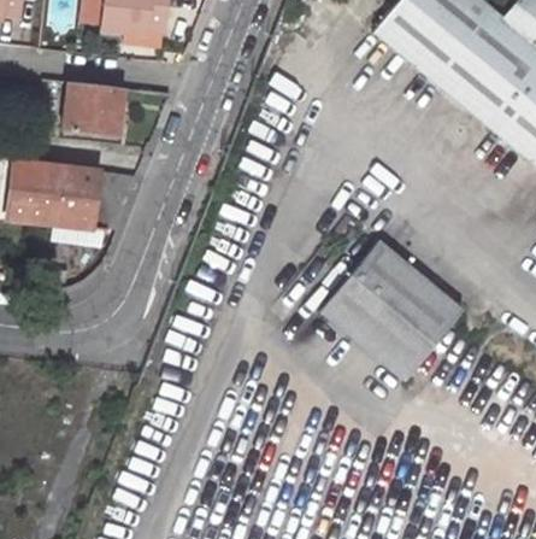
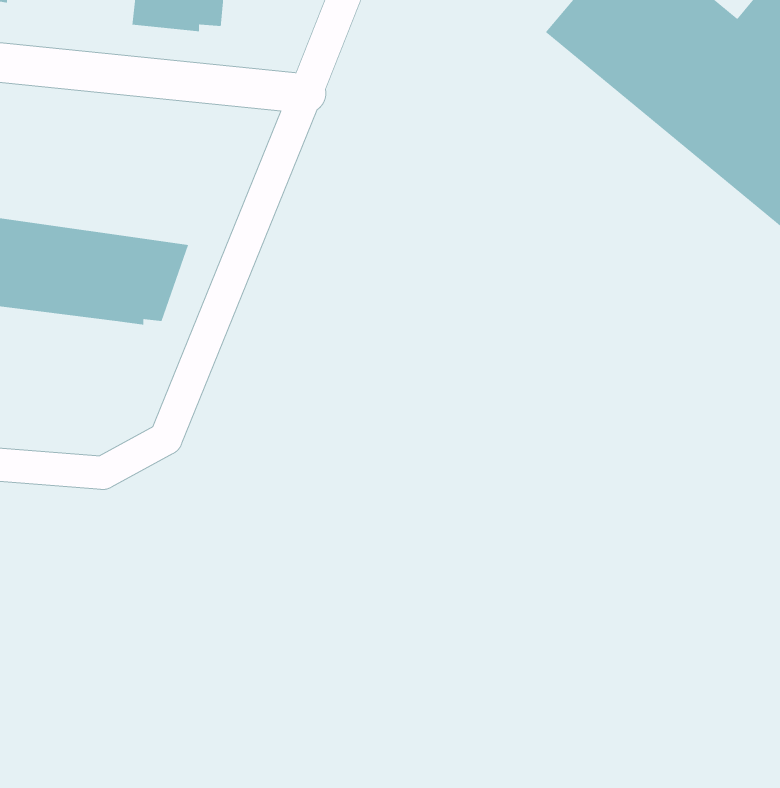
building: [57,78,119,141] -> none
building: [322,245,465,385] -> none

